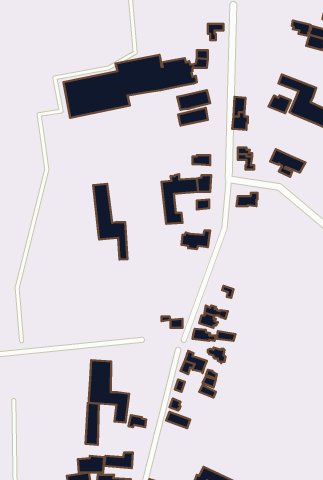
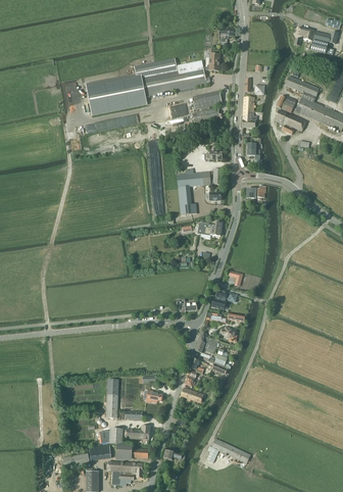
building: [270,149,305,177] -> [274,109,306,135]
building: [93,184,128,259] -> none
building: [89,360,129,422] -> none

